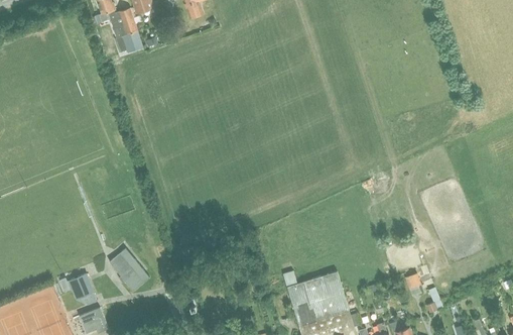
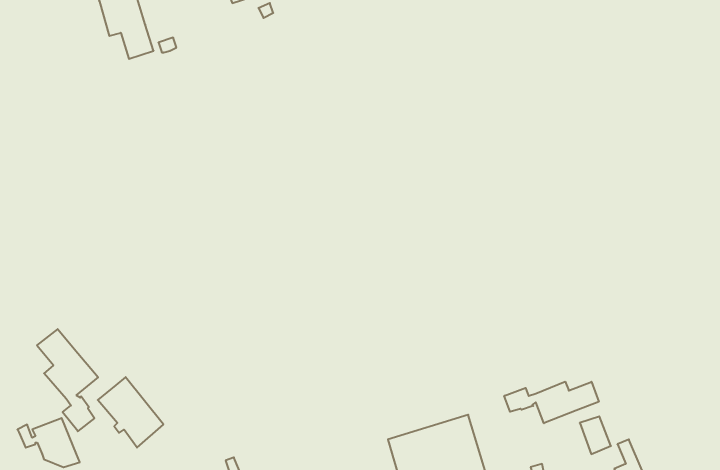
building: none -> [37,329,98,431]
building: none -> [504,382,599,423]

